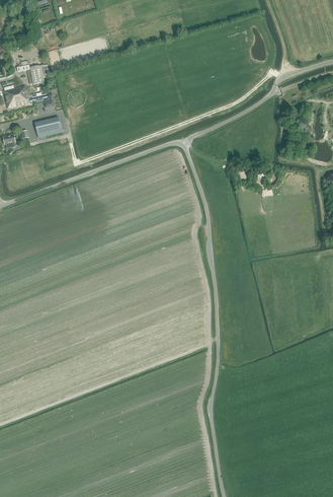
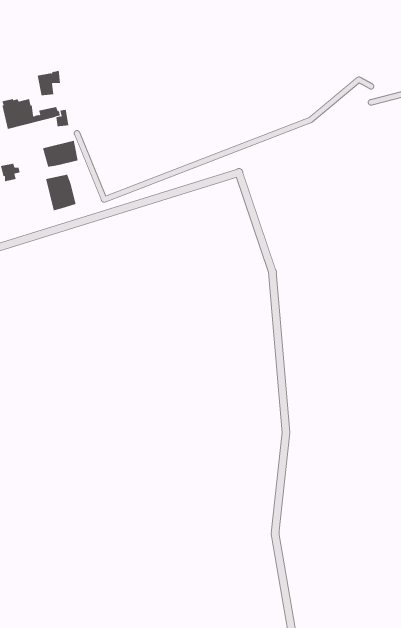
building: none -> [45,174,76,211]

